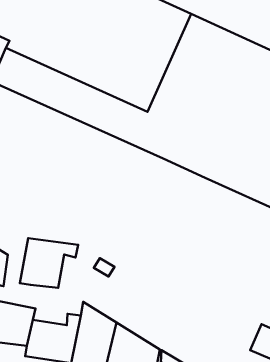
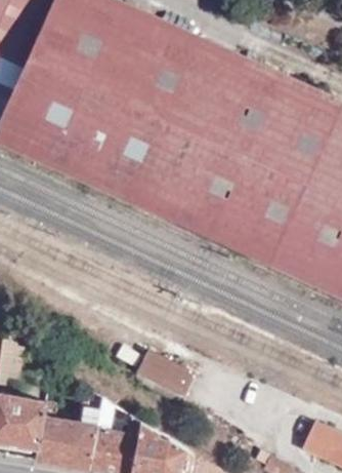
building: [20,238,78,288] -> none
building: none -> [133,349,194,399]

